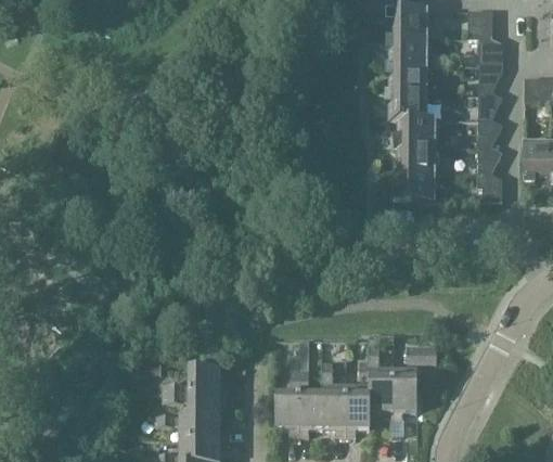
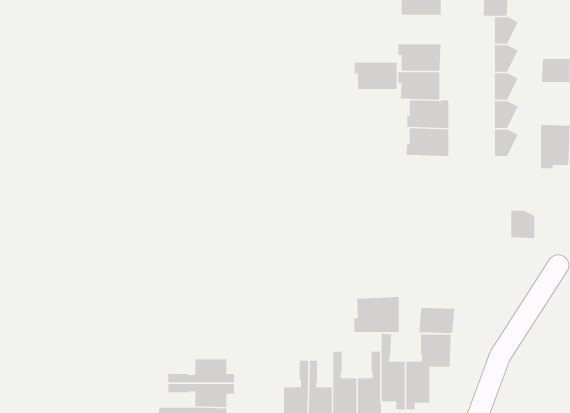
building: [385,35,427,62] -> [354,62,398,90]
building: [393,170,442,198] -> none
building: [478,171,502,200] -> [510,210,535,239]
building: none -> [354,296,399,333]
building: none -> [419,307,455,334]

